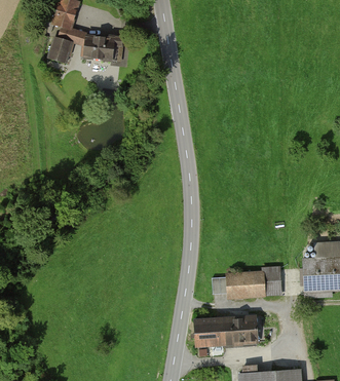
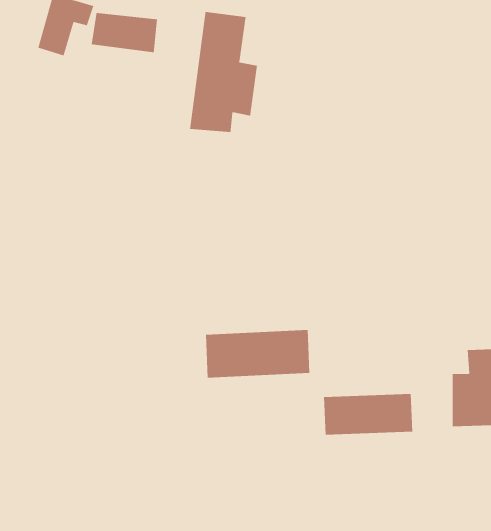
building: none -> [190,11,258,133]
building: [192,315,257,345] -> [205,330,310,378]

